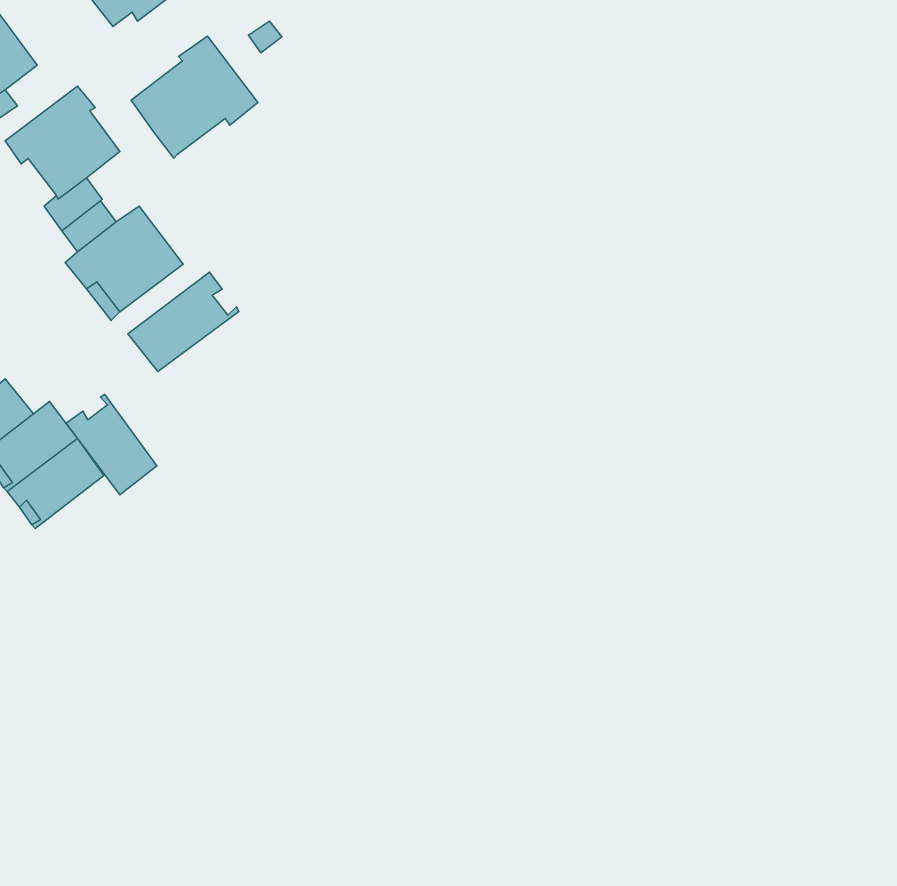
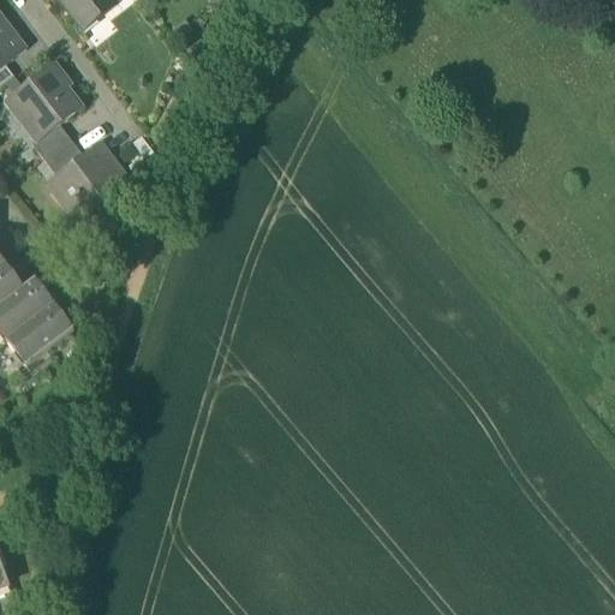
building: [131,36,258,158] -> none
building: [128,272,239,372] -> none
building: [66,395,157,495] -> none

